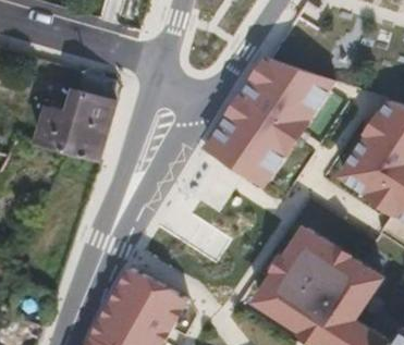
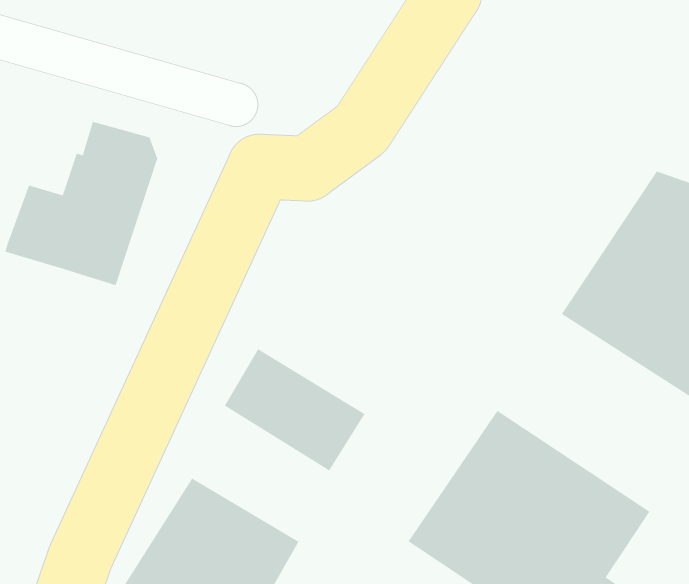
building: [198,56,338,189] -> none

